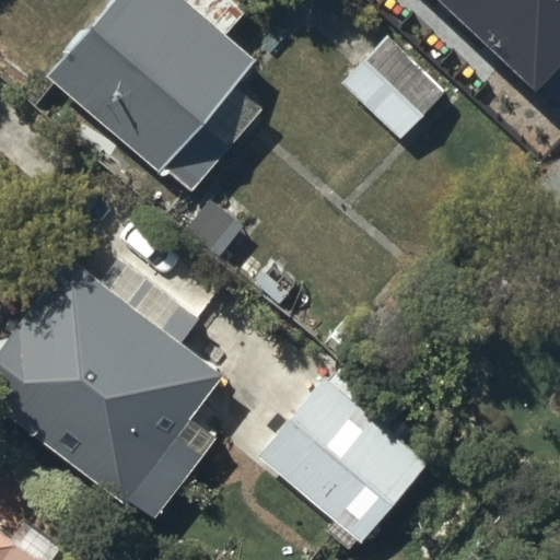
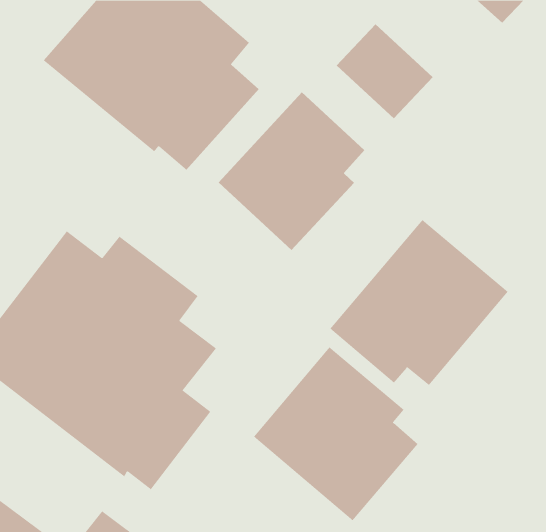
building: none -> [218,92,365,251]
building: none -> [329,219,509,386]

